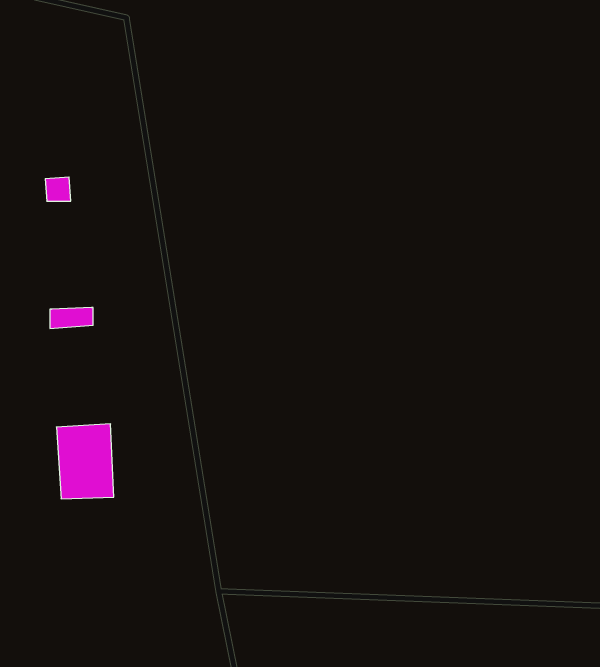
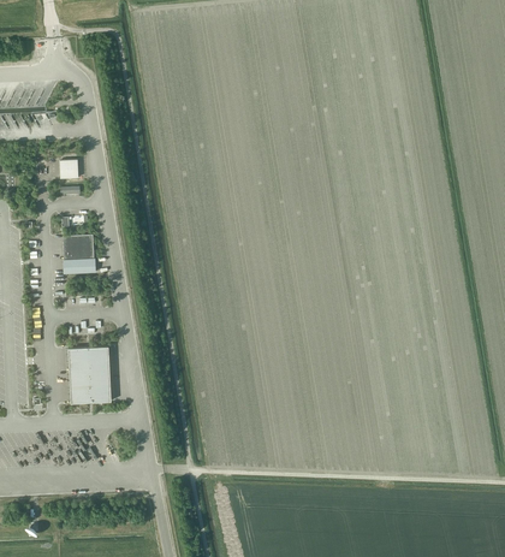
building: none -> [63,235,94,260]

